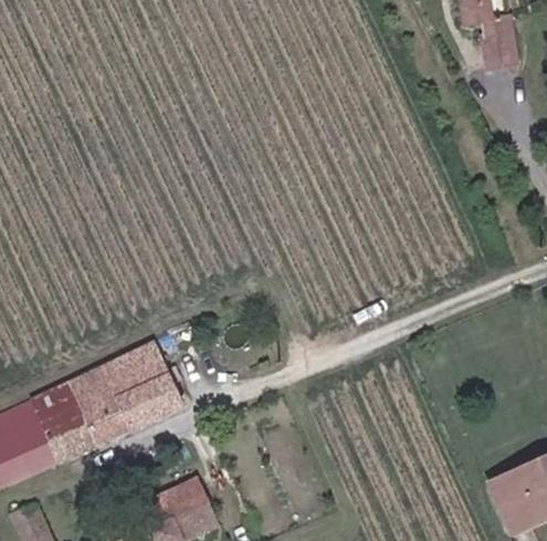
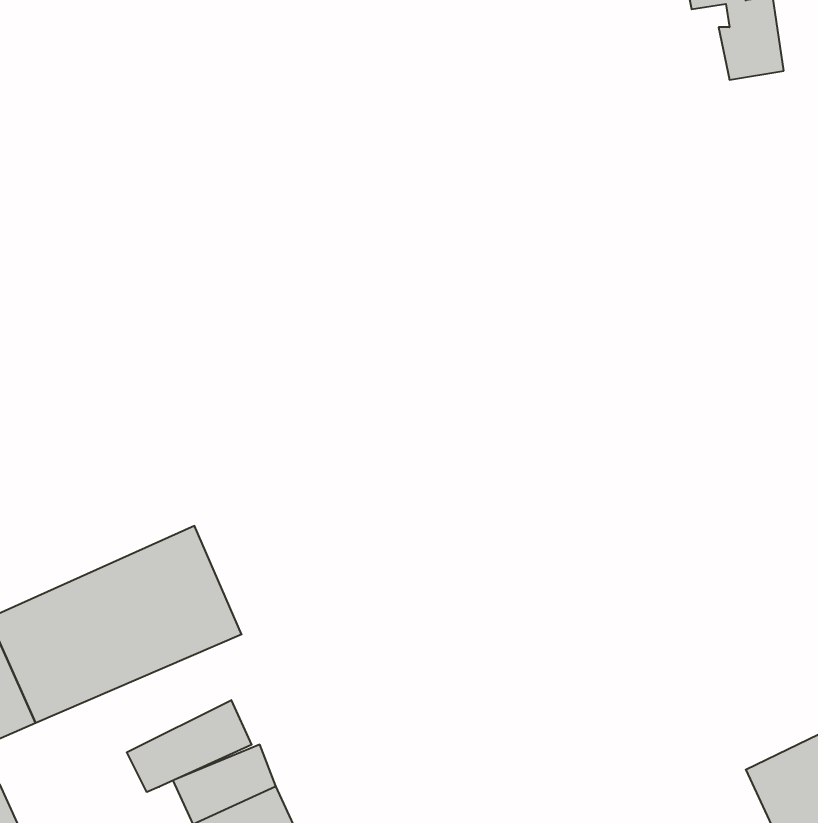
building: none -> [127,700,252,792]

